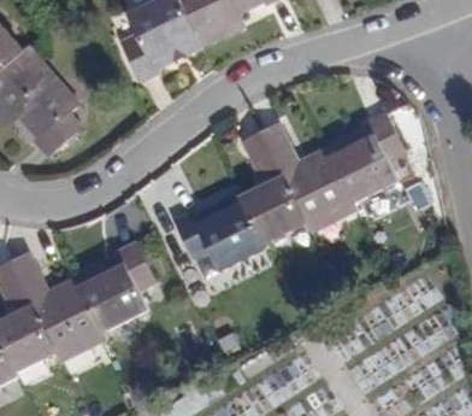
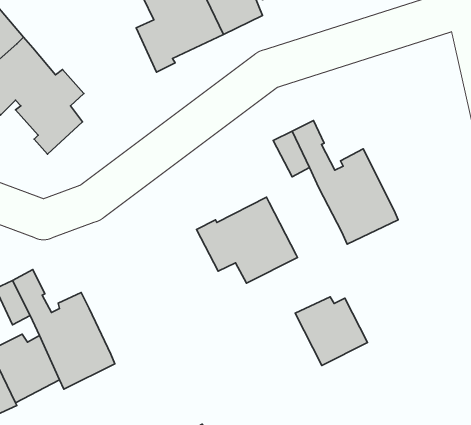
building: [329,115,409,203] -> none
building: [244,181,309,242] -> [295,297,368,365]
building: [76,242,157,332] -> none

